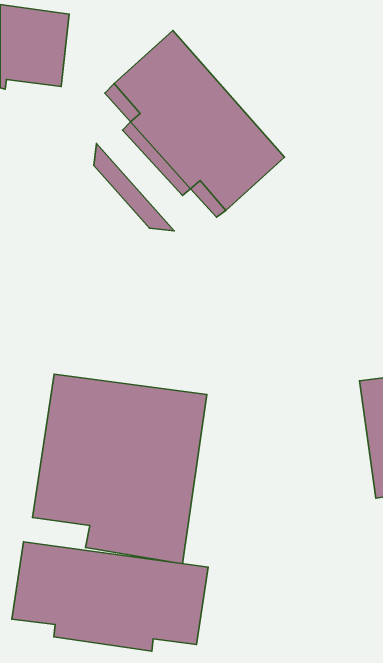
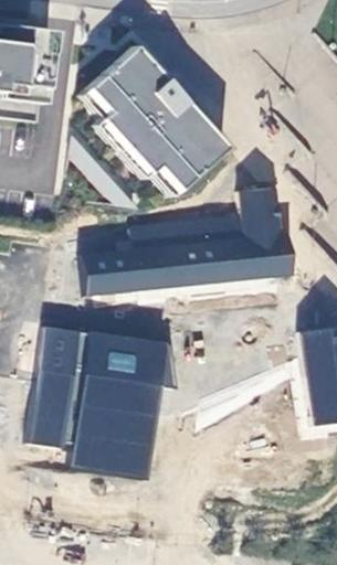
building: none -> [85,189,288,296]
building: [12,542,208,651] -> none

